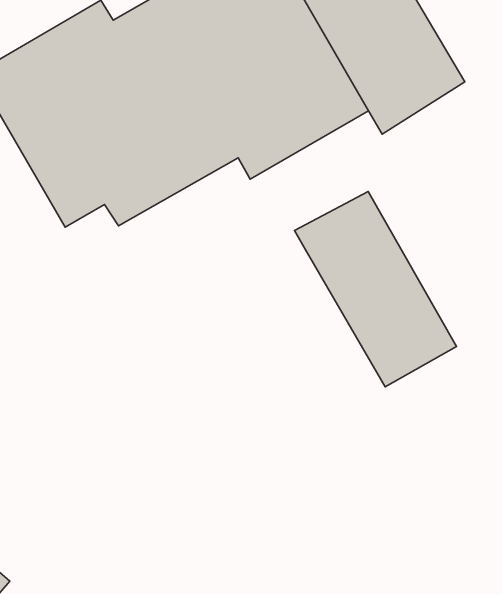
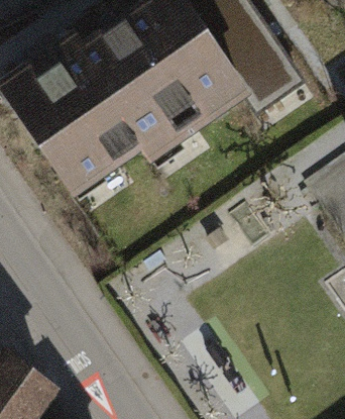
building: [295,191,456,387] -> none

